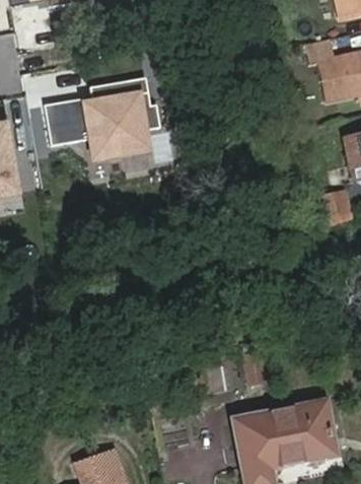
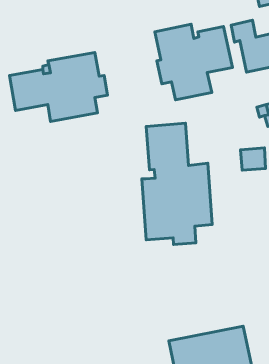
building: none -> [155,24,232,100]
building: none -> [142,123,212,245]

